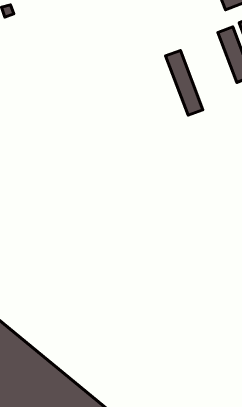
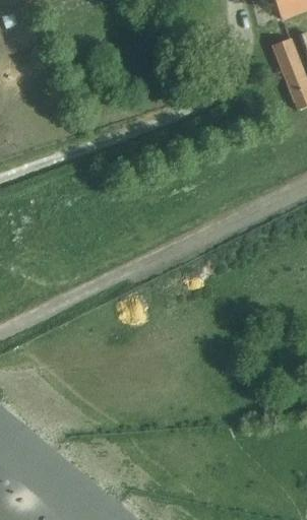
building: [166,50,203,115] -> none

